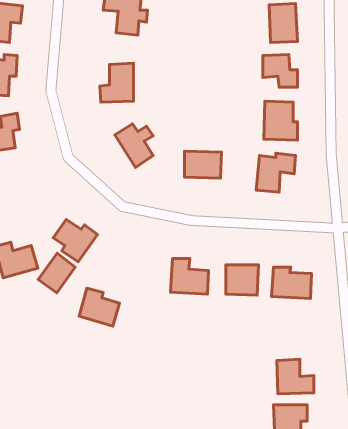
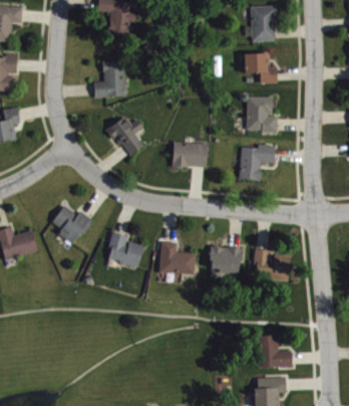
building: [38,253,75,293] -> none
building: [79,288,119,326] -> [106,231,143,266]

